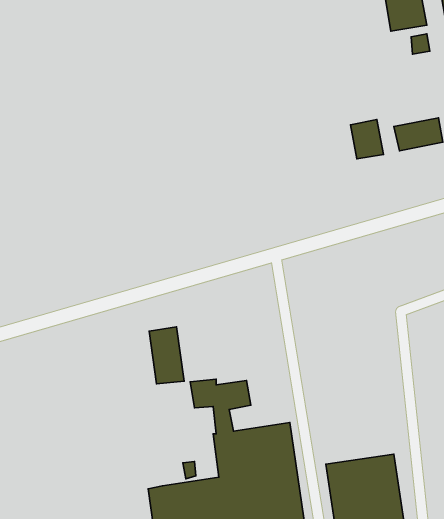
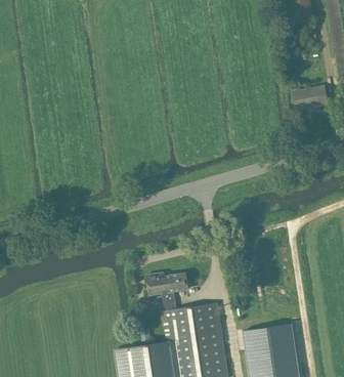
building: [351,120,383,159] -> none
building: [149,327,184,384] -> none

